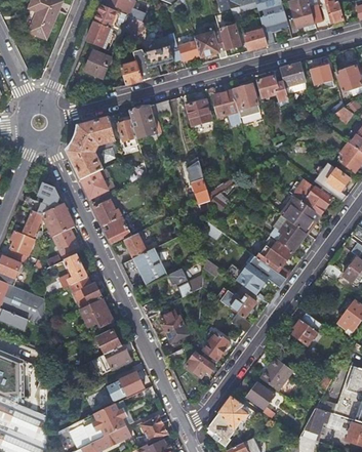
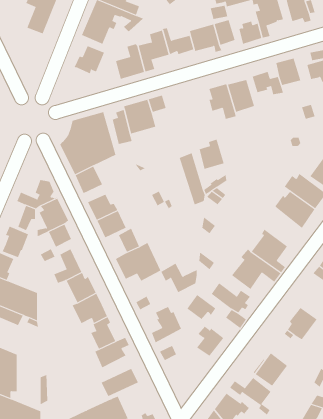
building: [185,94,210,125] -> [199,139,225,170]
building: [269,212,306,250] -> none
building: [184,351,213,376] -> [186,294,216,320]

